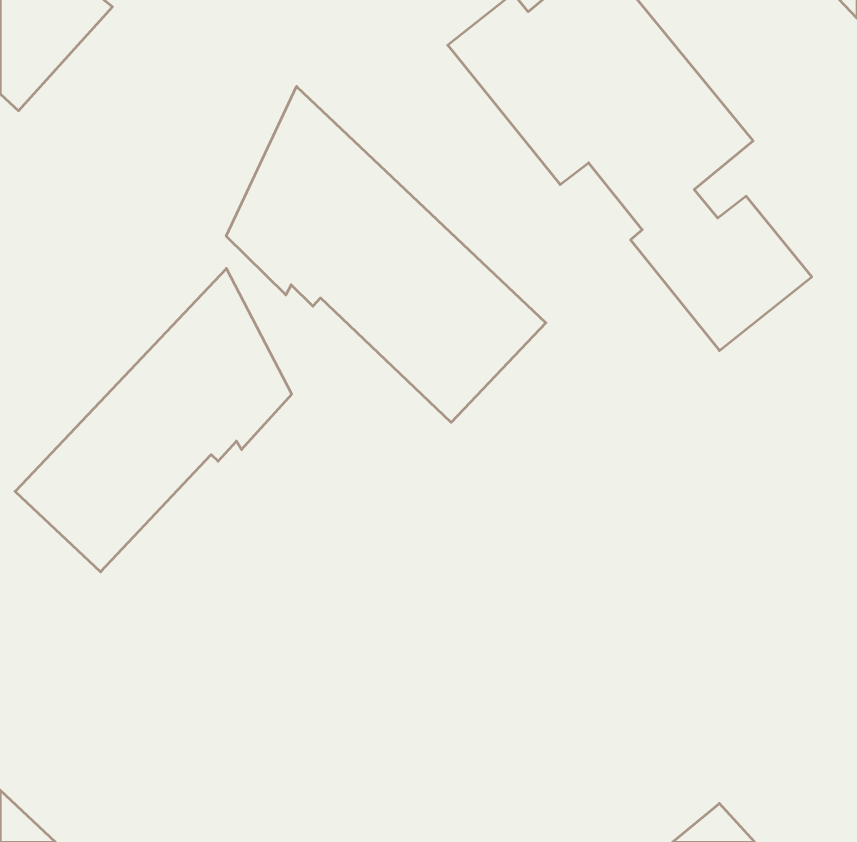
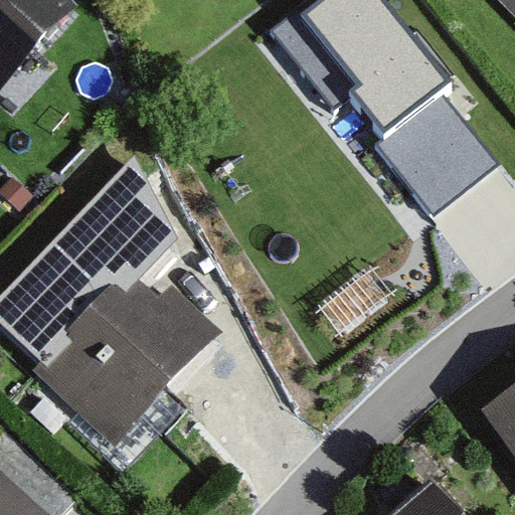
building: [226,86,546,422] -> none
building: none -> [43,273,214,433]

